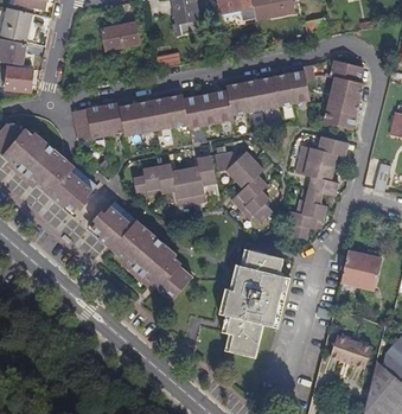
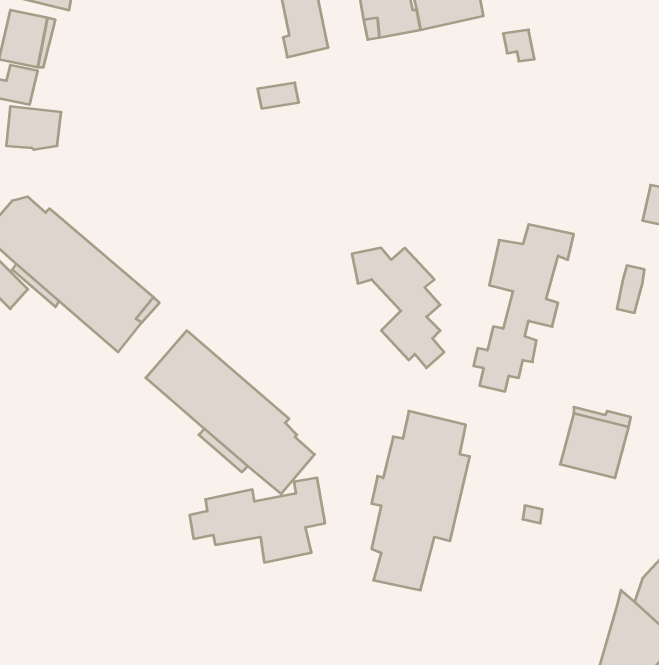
building: [101,23,139,49] -> none
building: [324,59,364,128] -> none
building: [72,64,314,139] -> none
building: [133,155,215,206] -> [190,478,325,562]
building: [328,332,379,367] -> none

